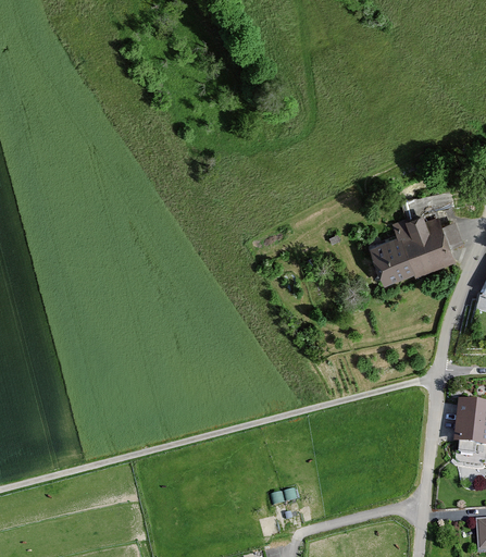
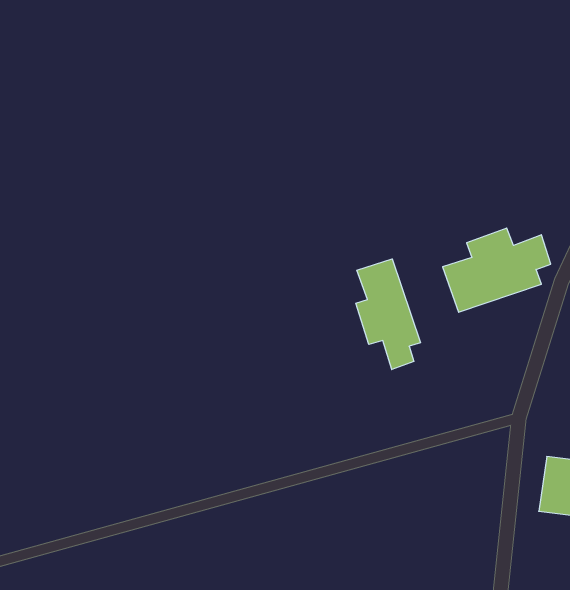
building: none -> [356,259,421,370]

